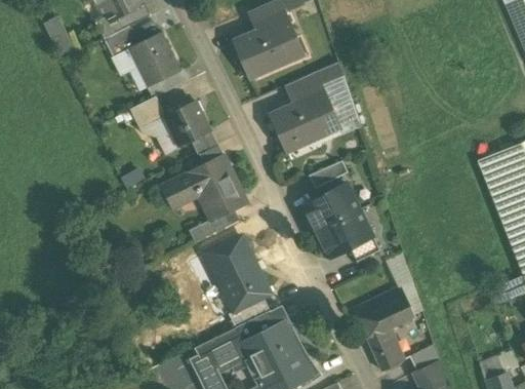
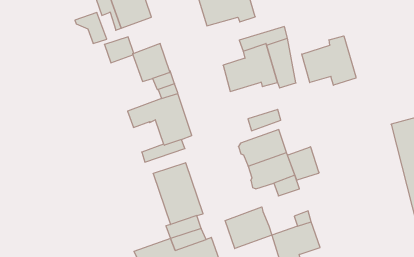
building: none -> [302,36,356,85]
building: [139,116,179,153] -> [75,13,107,43]
building: none -> [288,147,319,180]
building: none -> [225,207,272,249]

